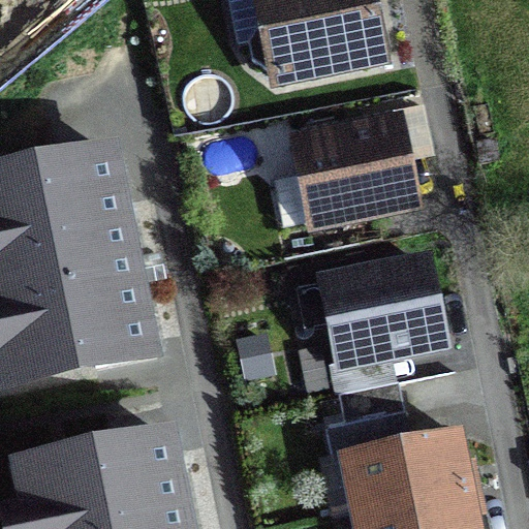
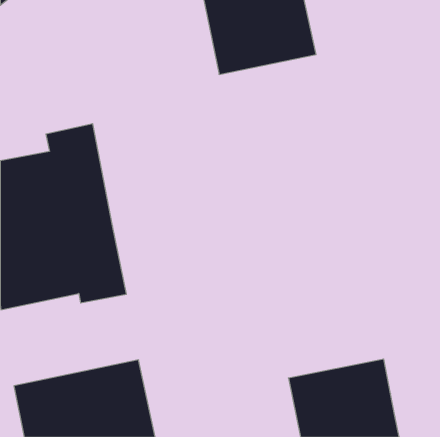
building: [294,118,414,221] -> none
building: [331,259,443,359] -> none

